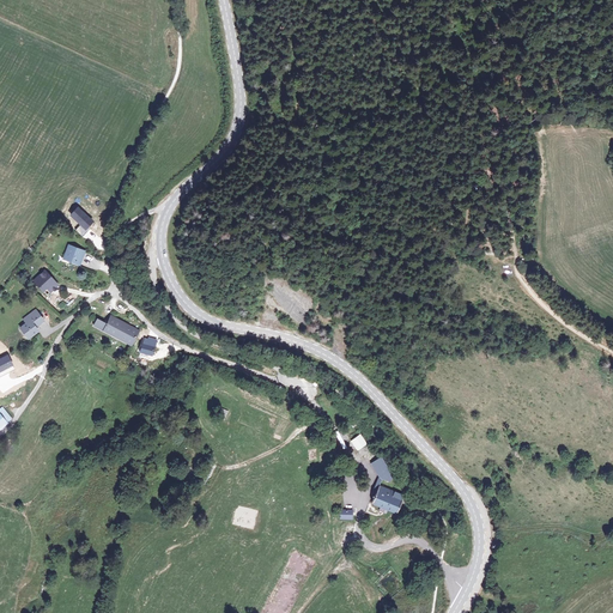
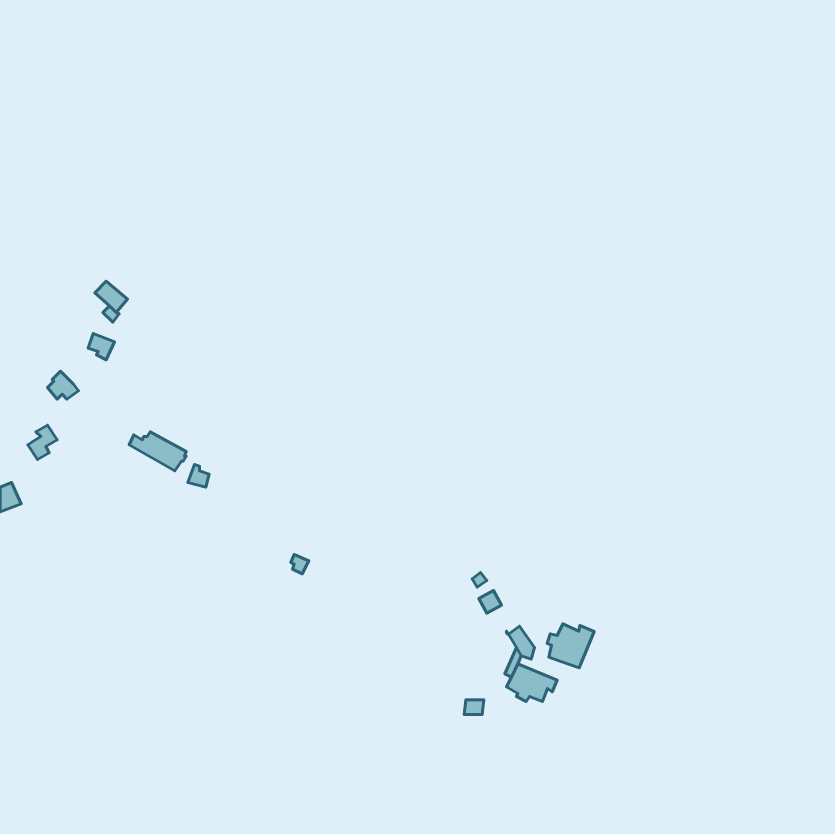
building: none -> [547,624,594,668]

